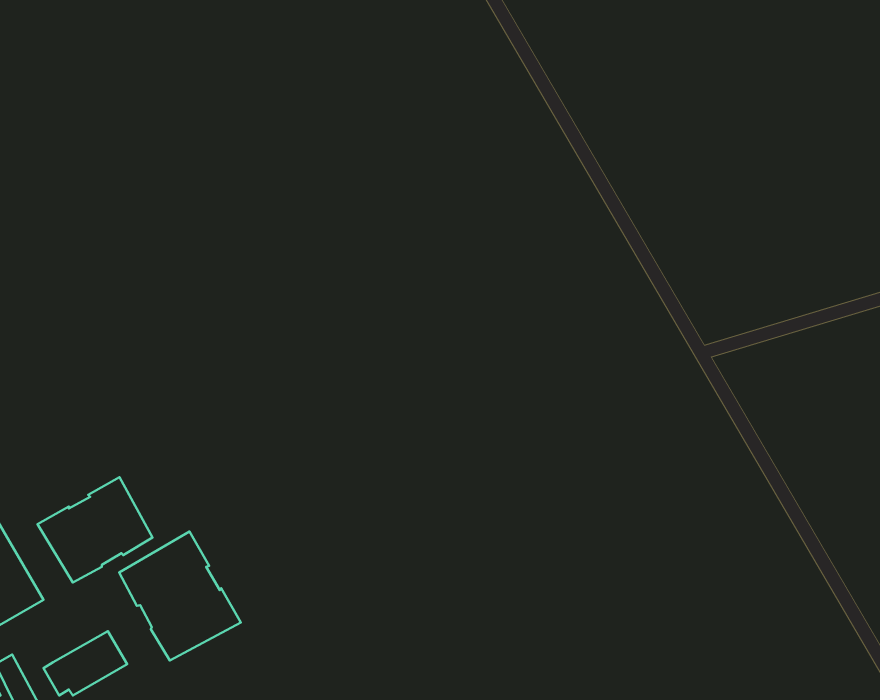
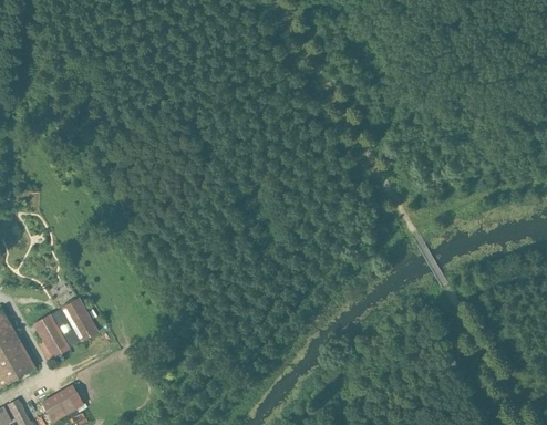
building: [119,532,241,661] -> none

